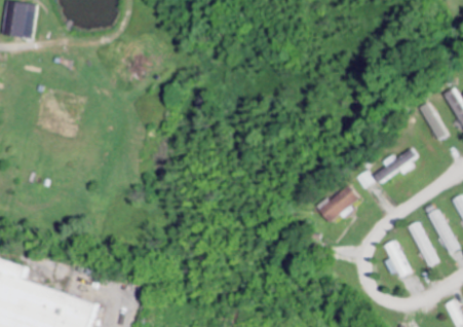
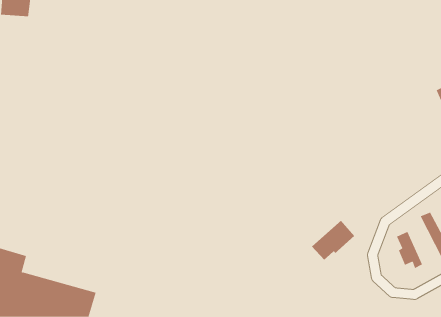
building: [372,148,417,183] -> none
building: [318,184,360,223] -> [311,220,355,261]

